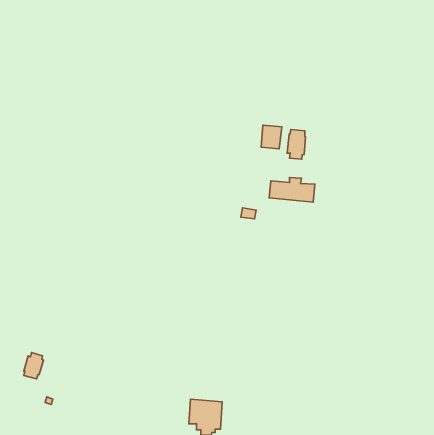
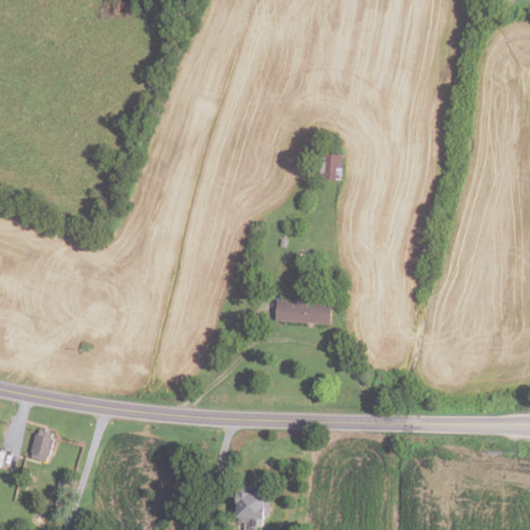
building: [287,129,306,159] -> none
building: [269,177,315,202] -> [274,295,330,325]

